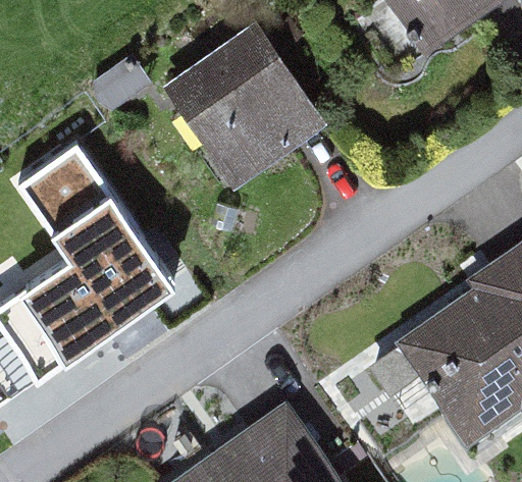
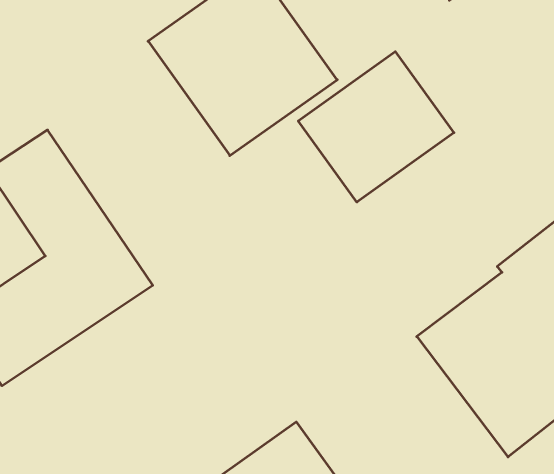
building: none -> [298,52,454,202]

